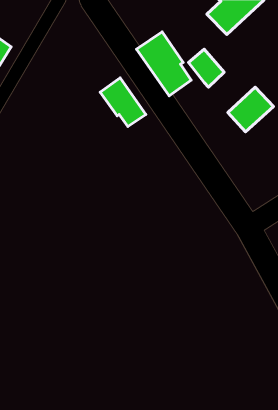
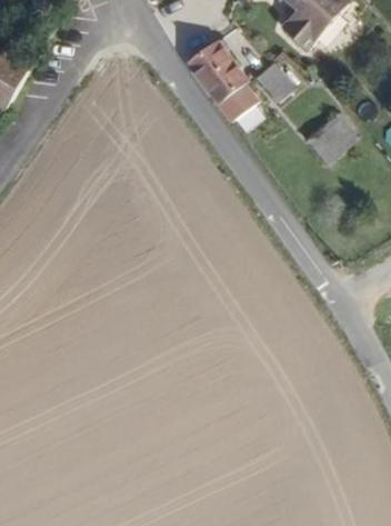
building: [100,78,146,126] -> none

